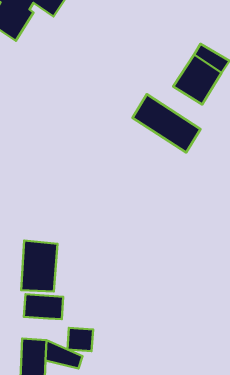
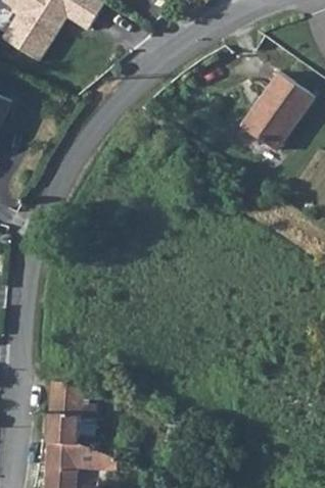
building: [132,94,200,153] -> none
building: [21,240,58,291] -> none
building: [67,328,93,351] -> [47,412,80,442]

